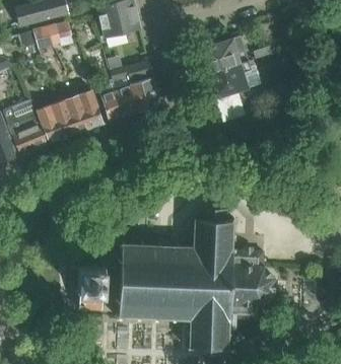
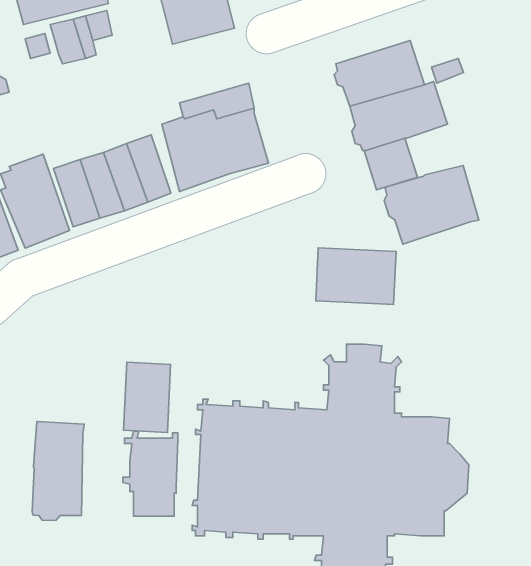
building: none -> [384,166,479,244]
building: none -> [316,248,396,304]
building: none -> [124,362,170,433]
building: none -> [32,421,84,520]

